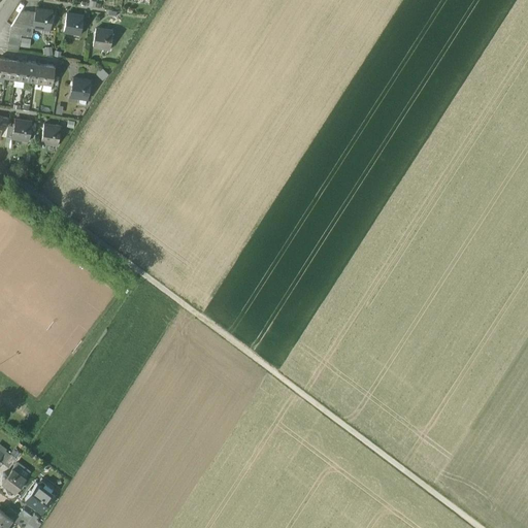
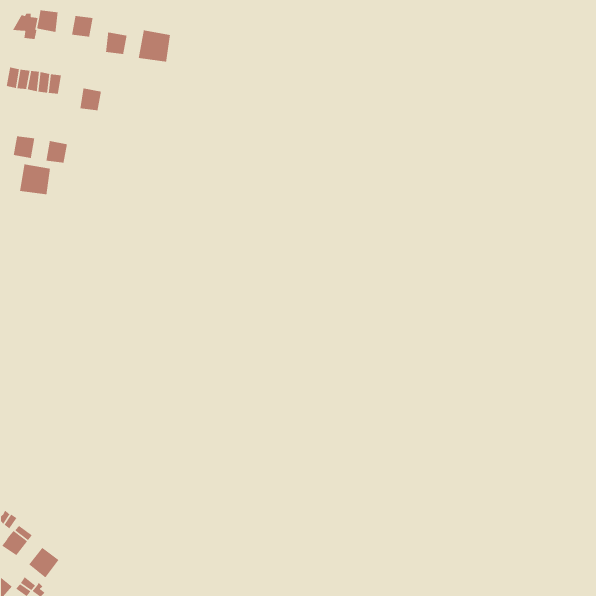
building: none -> [138,29,171,63]
building: none -> [19,163,51,195]

